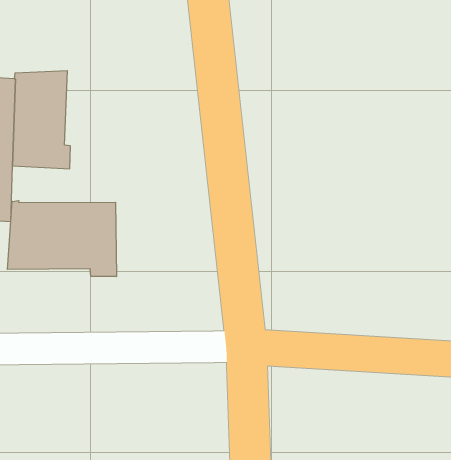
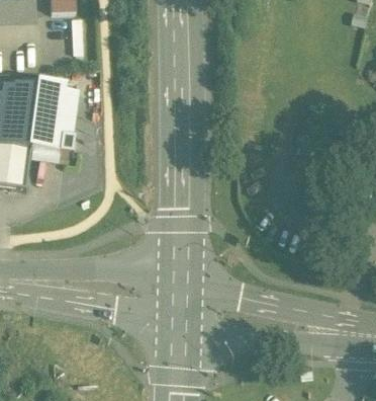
building: [8,201,116,277] -> none

